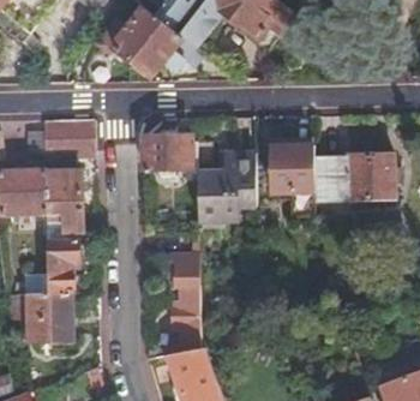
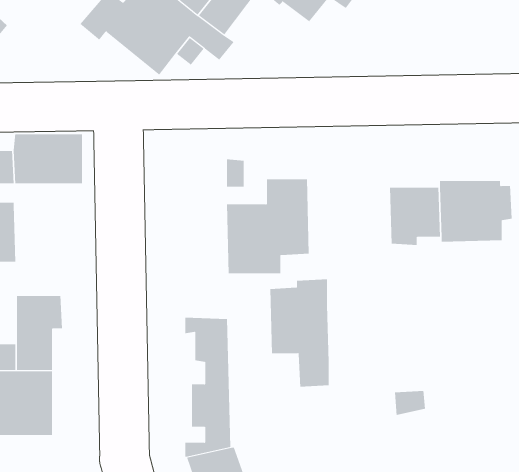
building: [139,134,188,167] -> none
building: [271,139,314,217] -> [270,279,330,387]
building: [43,170,80,231] -> none

